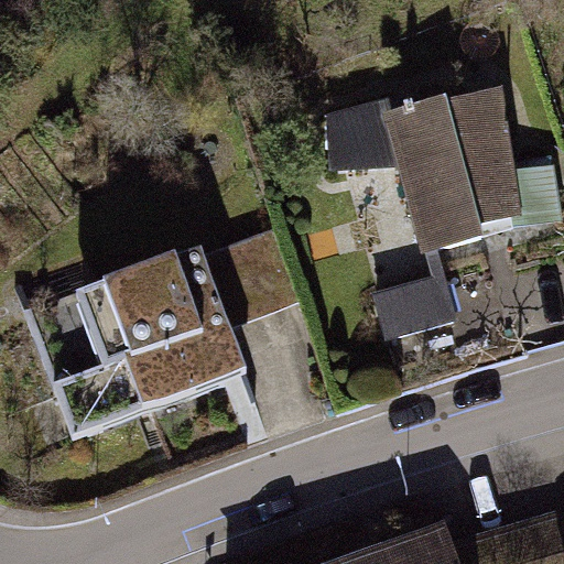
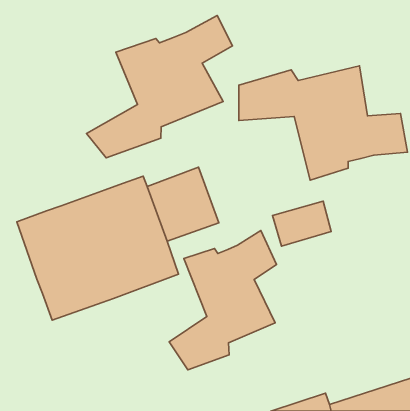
building: none -> [86,15,233,158]
building: none -> [169,230,276,370]

